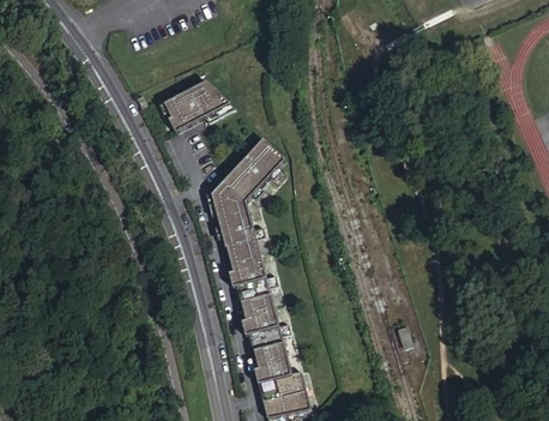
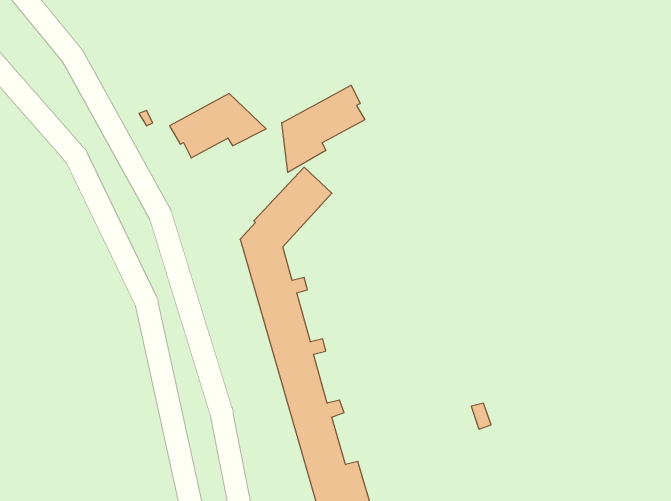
building: none -> [282,85,365,172]

